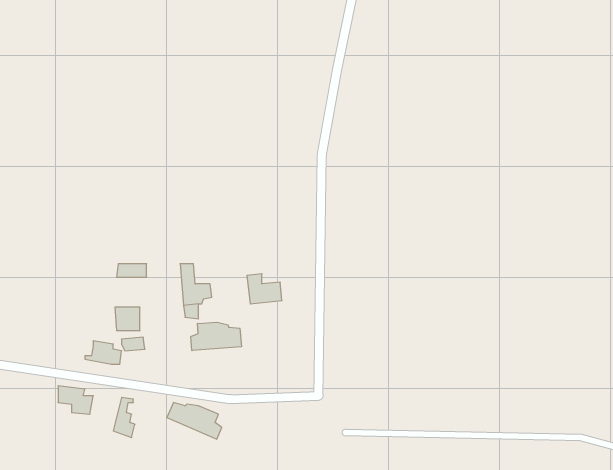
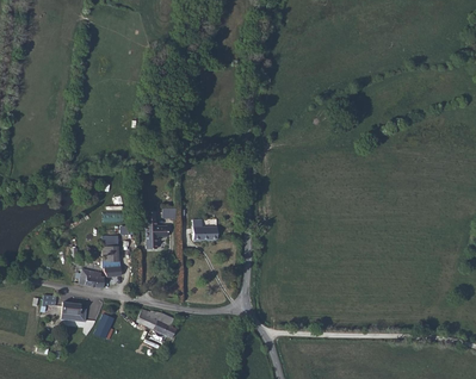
building: [191,322,242,351] -> none

